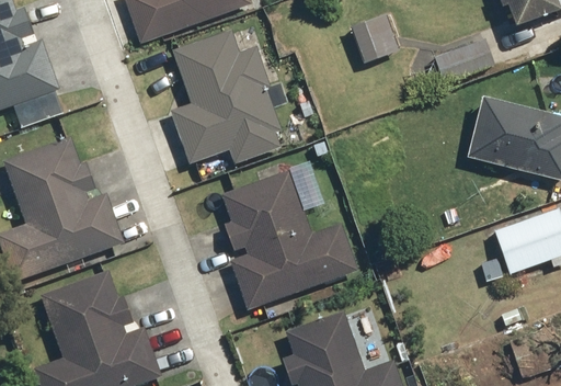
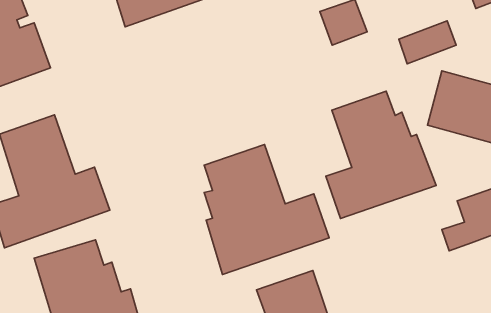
building: [171,30,284,163] -> none
building: none -> [326,91,436,218]

